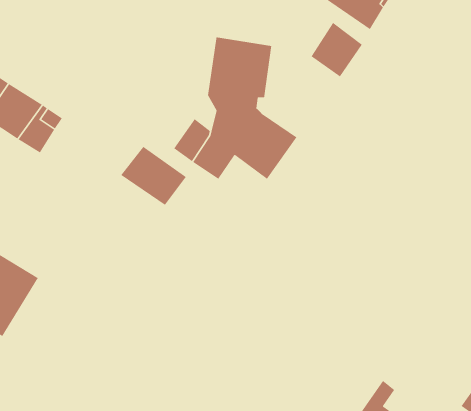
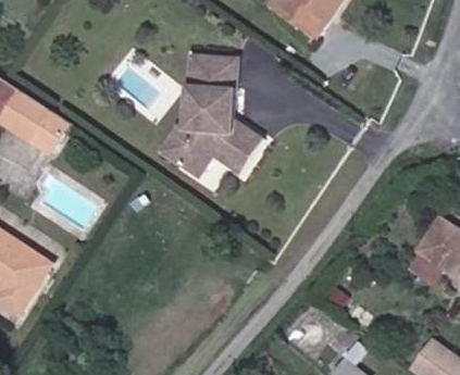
building: [310,22,363,78] -> none
building: [120,146,187,206] -> none

